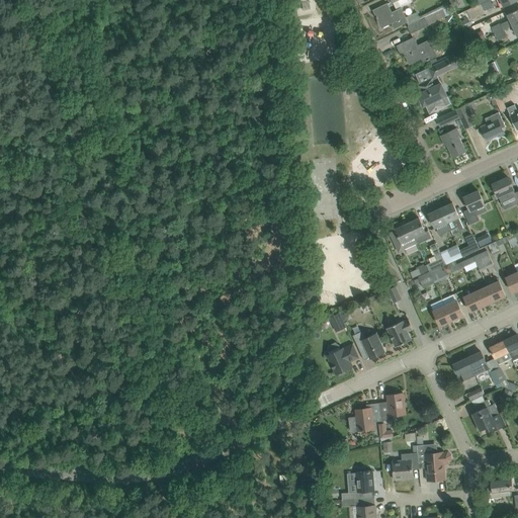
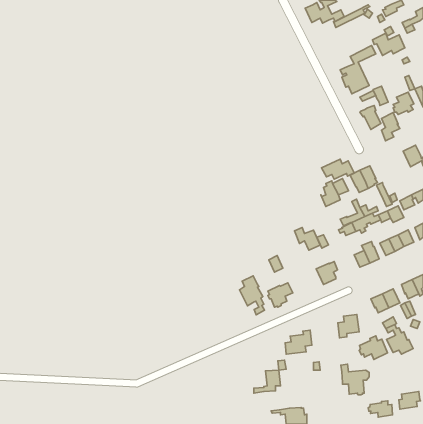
building: [397,37,436,65] -> [373,33,405,55]
building: [463,190,486,225] -> [381,113,400,141]
building: none -> [322,159,354,179]
building: [352,331,383,358] -> [295,228,320,250]
building: none -> [239,276,265,315]
building: [378,393,405,421] -> [338,315,359,338]
building: none -> [359,336,388,360]
building: [392,453,418,480] -> none
building: [341,471,373,500] -> [254,370,280,393]
building: none -> [368,401,393,417]

